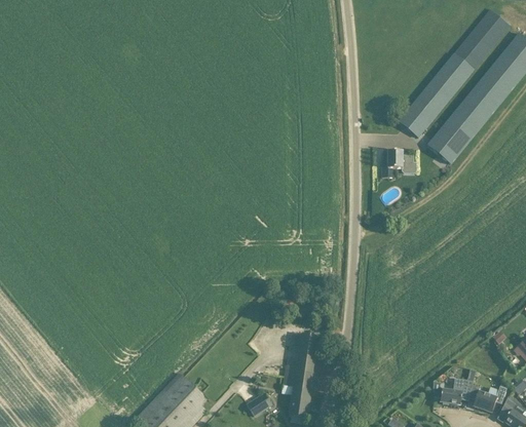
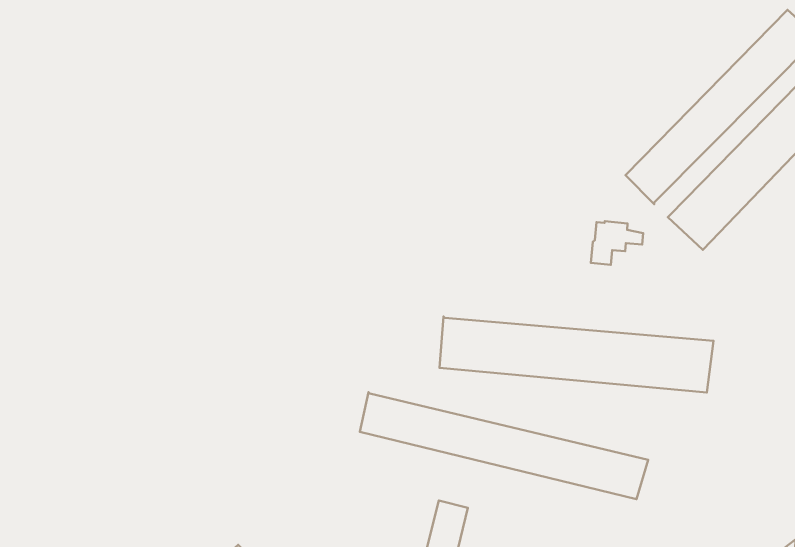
building: none -> [440,317,714,392]
building: none -> [360,392,648,499]

